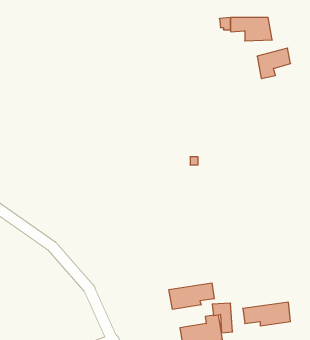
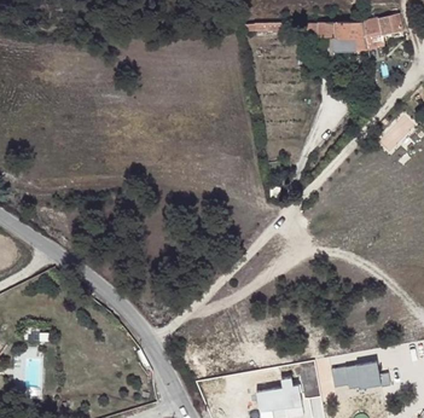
building: [257,48,291,79] -> [360,13,400,50]
building: [169,283,214,309] -> none

